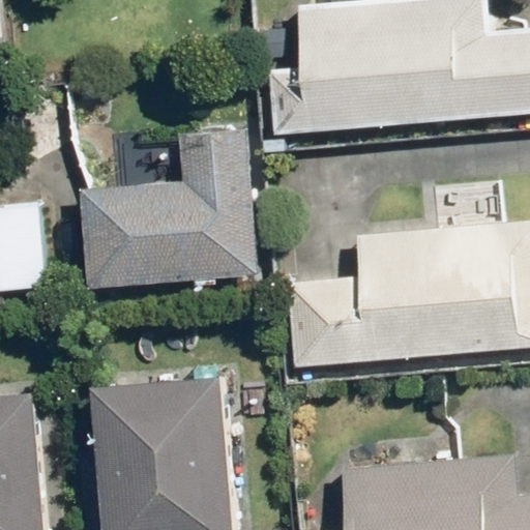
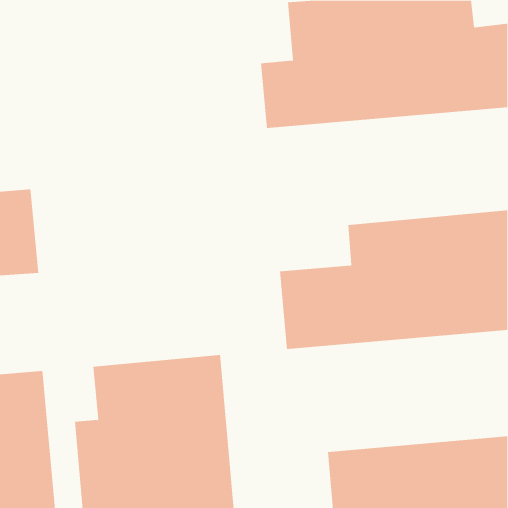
building: [78,126,258,287] -> none

